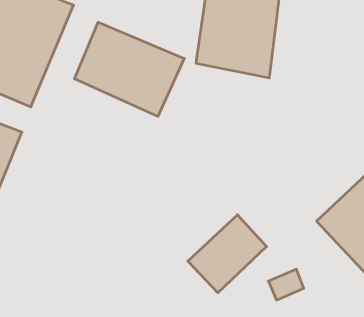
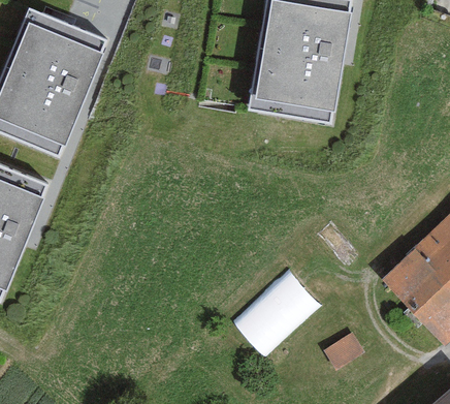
building: [74,22,184,116] -> none

